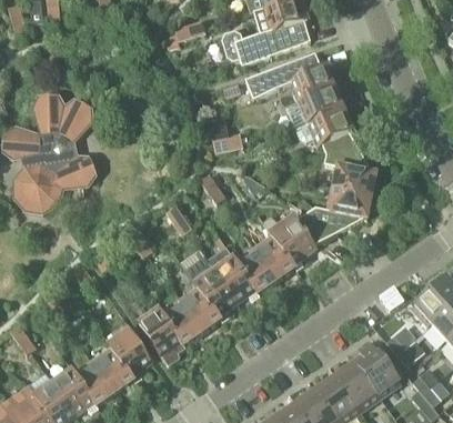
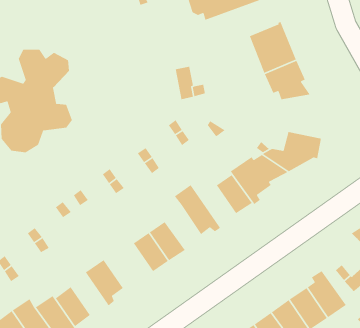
building: [244,51,322,97] -> none
building: [324,147,376,194] -> none
building: [235,246,275,292] -> none
building: [194,269,236,321] -> none
building: [138,308,185,364] -> none
building: [92,346,132,391] -> none

